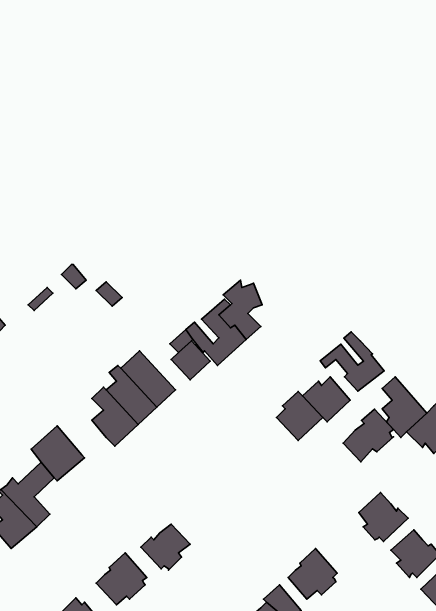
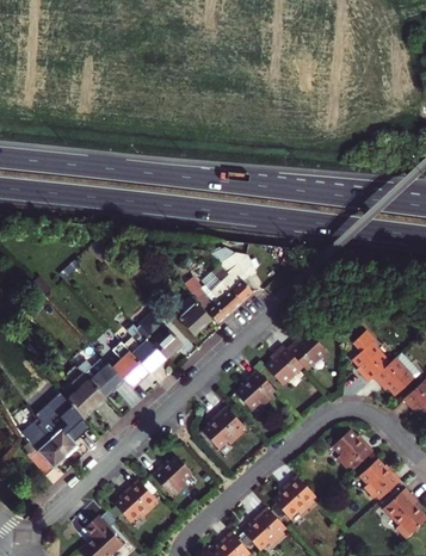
building: [320,332,384,391] -> none
building: none -> [76,358,124,397]
building: [343,409,393,462] -> none
building: none -> [235,370,274,412]
building: none -> [200,406,242,449]

